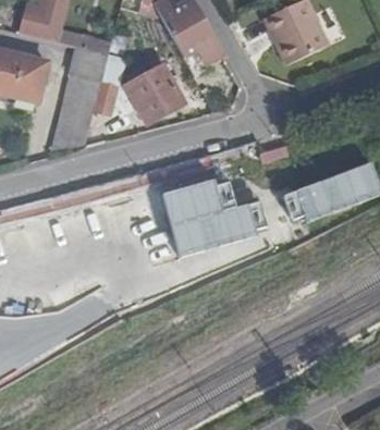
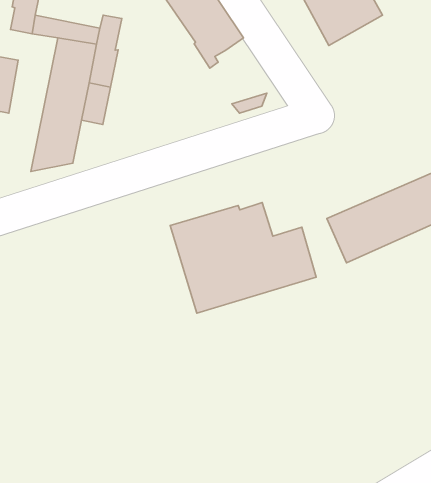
building: [124,62,185,122] -> none

